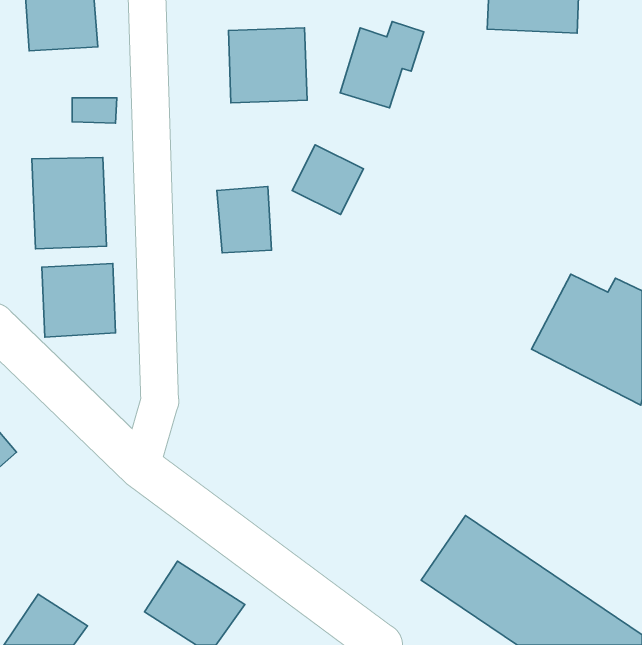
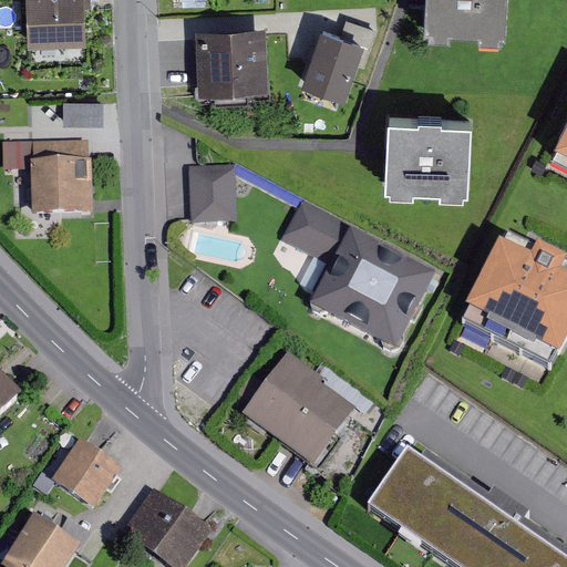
building: none -> [386,118,470,186]
building: [292,145,363,215] -> [285,199,347,260]
building: [42,264,116,337] -> none
building: none -> [311,231,435,352]
building: none -> [244,358,358,466]
building: none -> [51,442,121,512]

